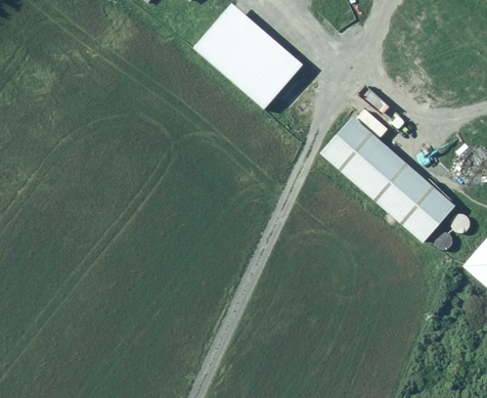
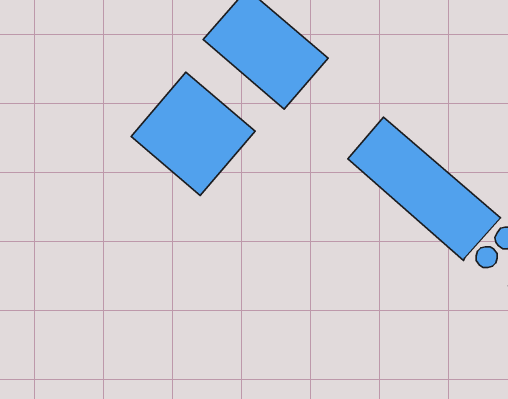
building: none -> [131,72,255,196]

